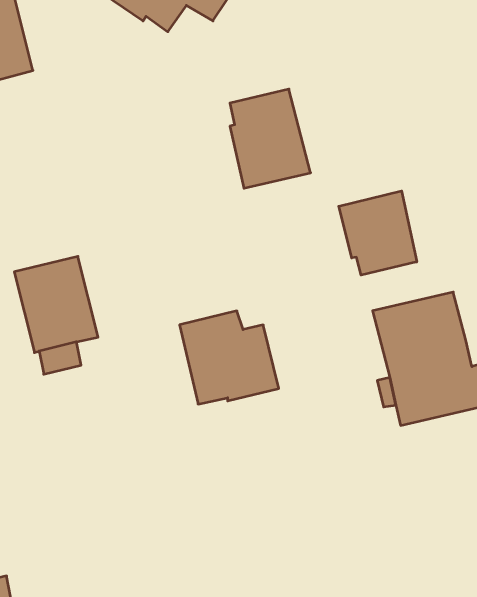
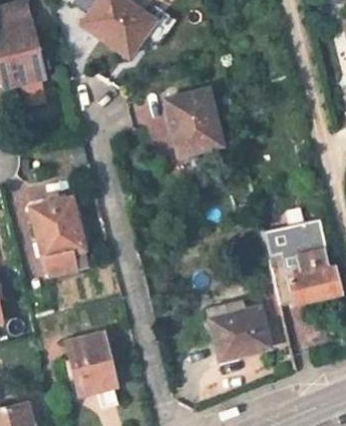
building: [339,191,417,275] -> none
building: [180,311,279,404] -> [207,298,271,358]
building: none -> [66,333,117,405]

